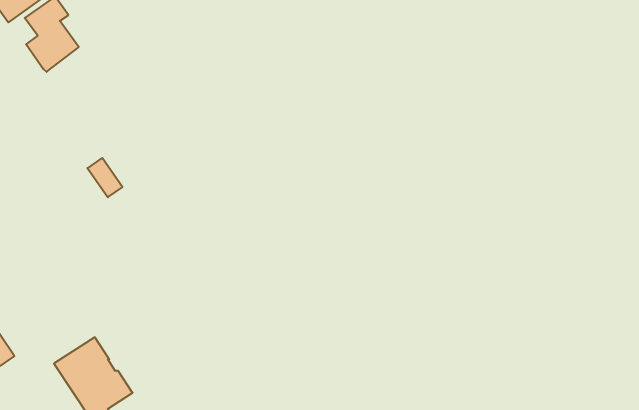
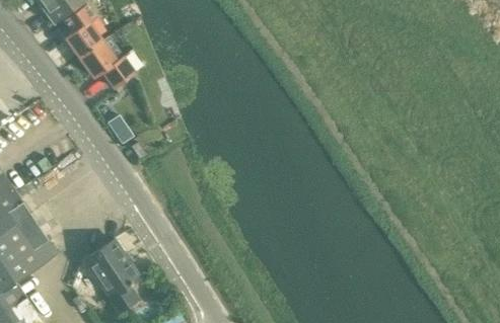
building: none -> [79,38,136,87]

